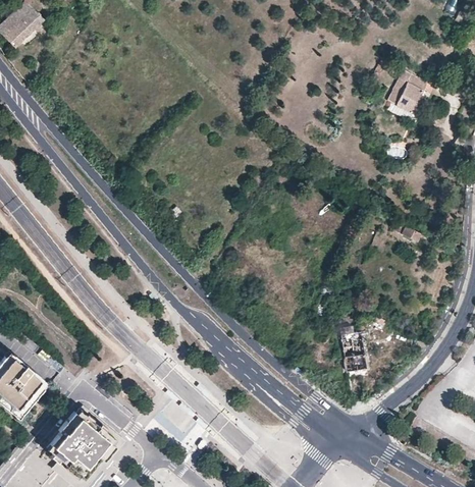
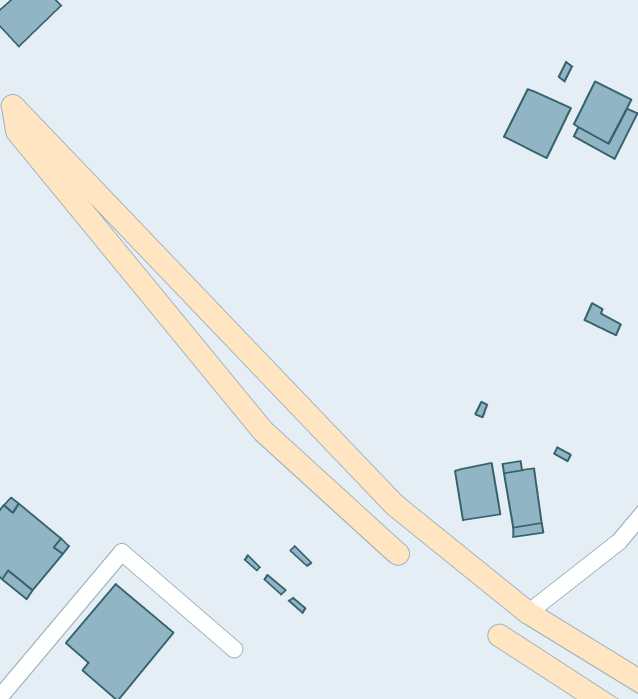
building: none -> [504,89,571,158]
building: none -> [455,463,500,520]

